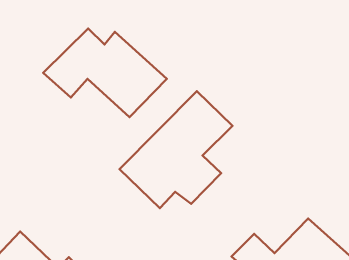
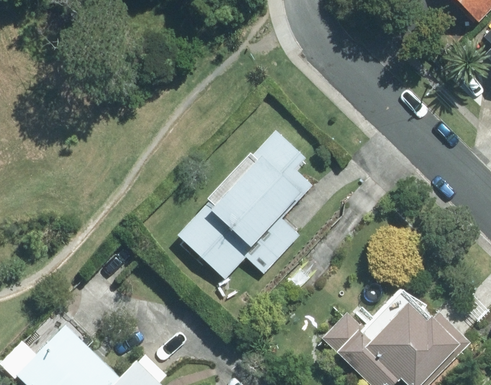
building: [43,28,167,117] -> none

